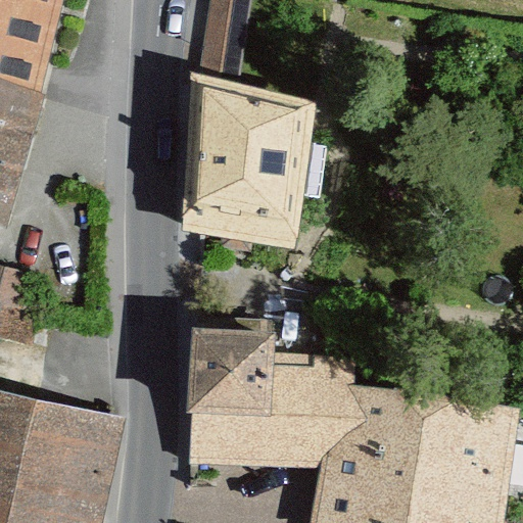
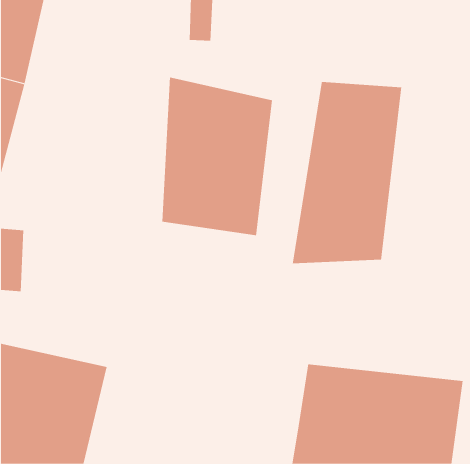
building: none -> [292,81,402,264]
building: [177,342,347,470] -> none

